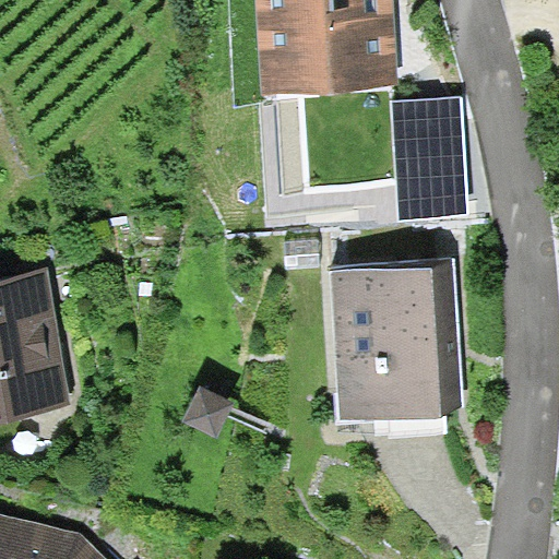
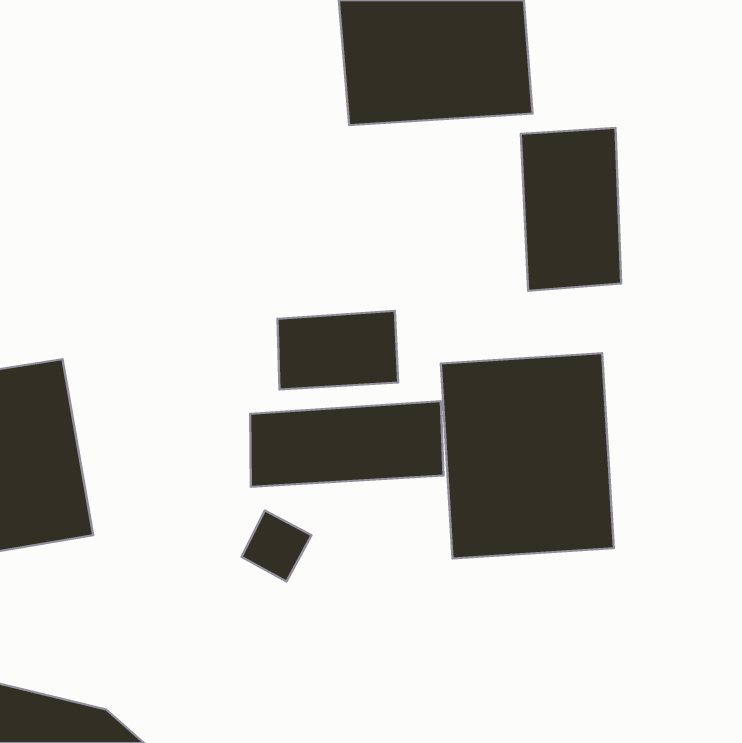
building: none -> [278,311,398,390]
building: none -> [250,401,444,487]

